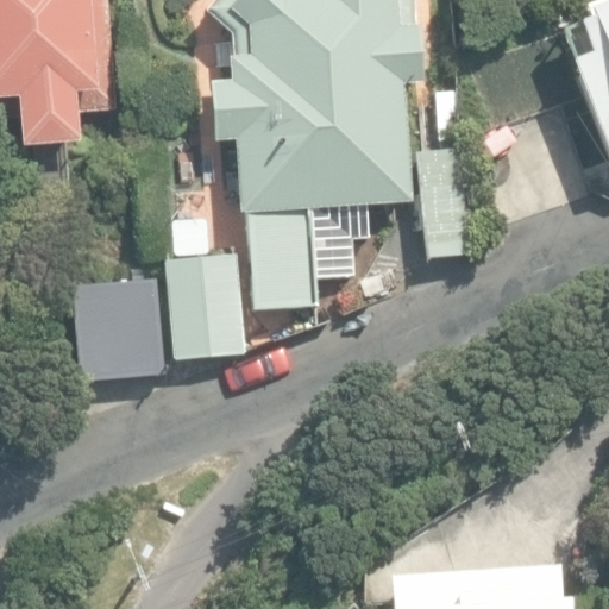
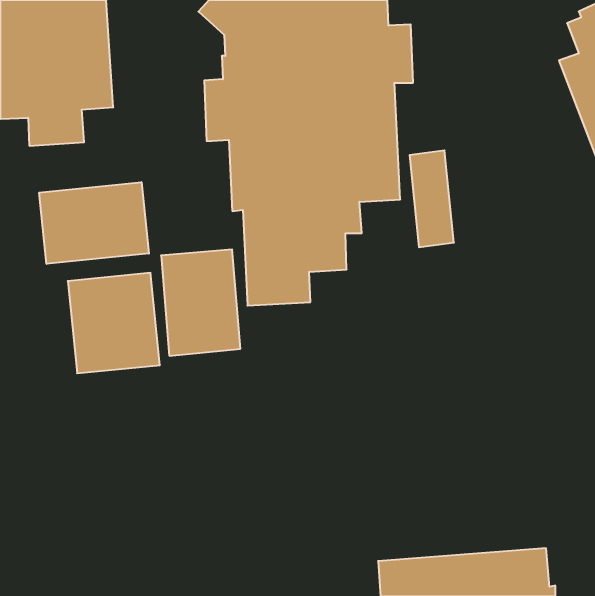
building: none -> [39,182,149,264]

